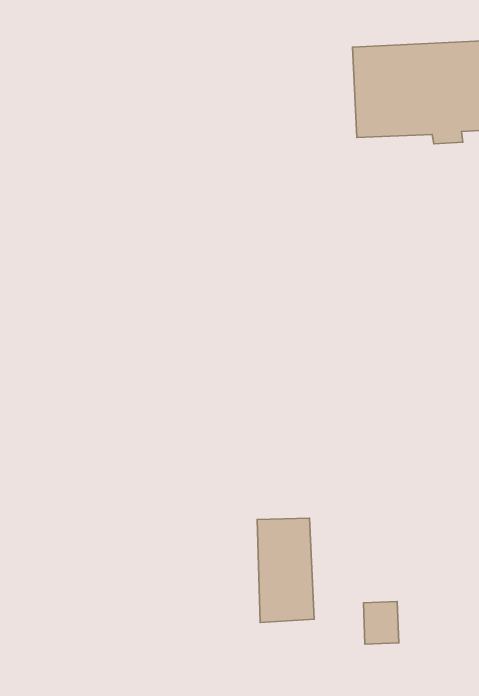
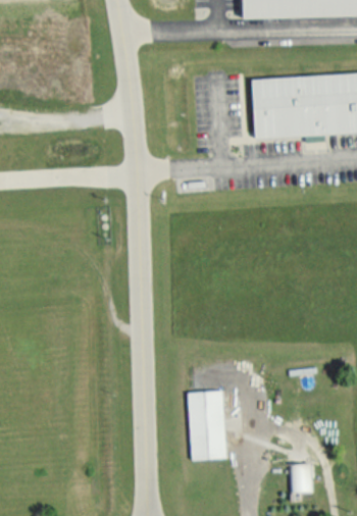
building: [363,601,399,644] -> [288,463,311,492]

